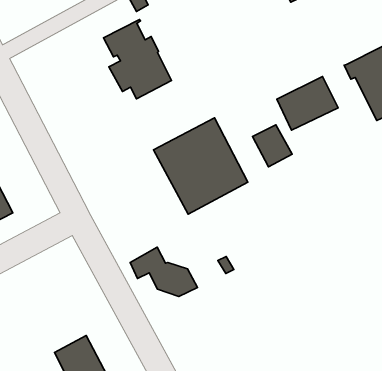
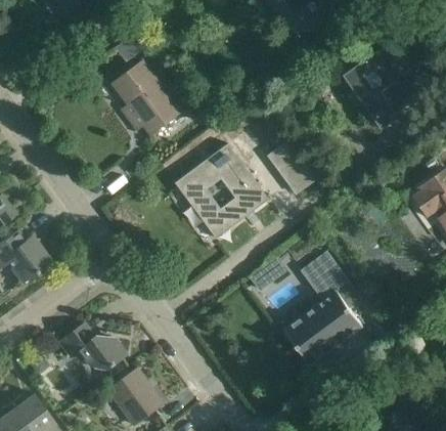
building: [277,76,338,130] -> none
building: none -> [283,253,361,364]
building: [130,247,198,297] -> [59,322,127,367]

